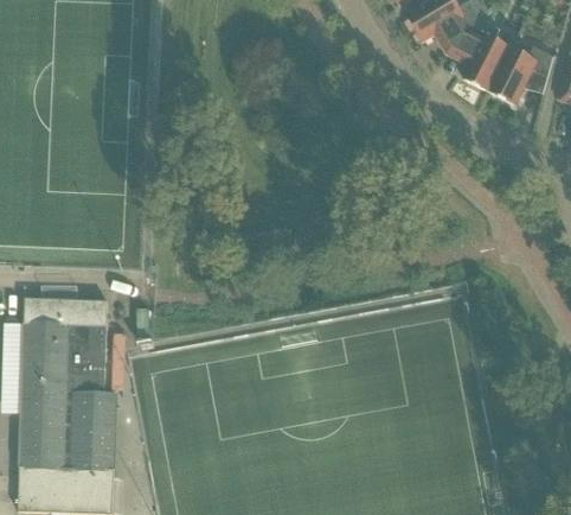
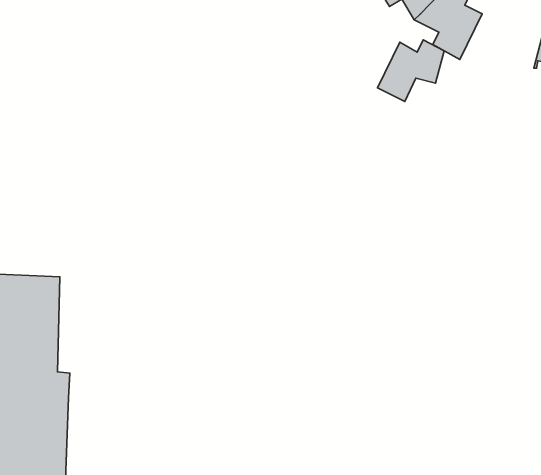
building: [489,45,553,104] -> [378,40,444,102]

